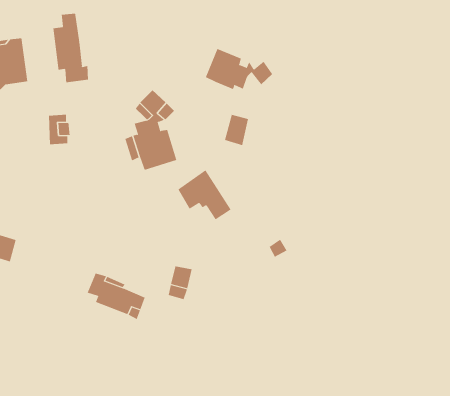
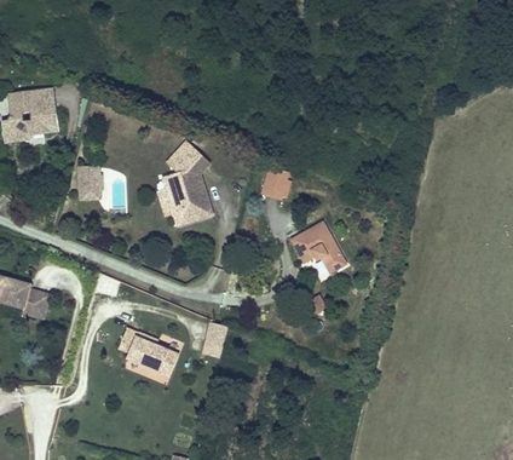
building: [53,13,89,83] -> none
building: [205,48,273,90] -> none
building: [178,170,232,220] -> [294,219,350,271]

